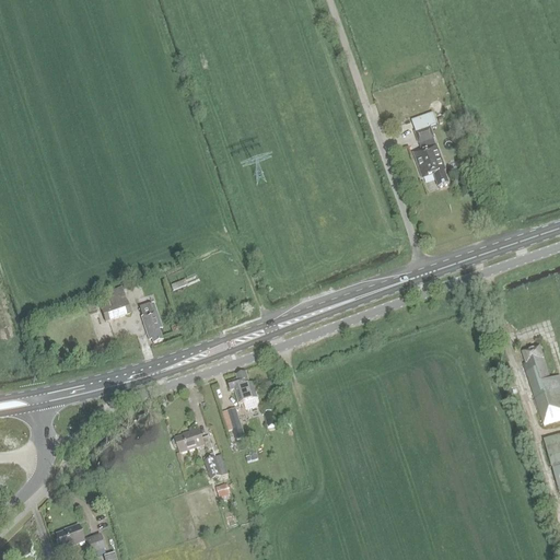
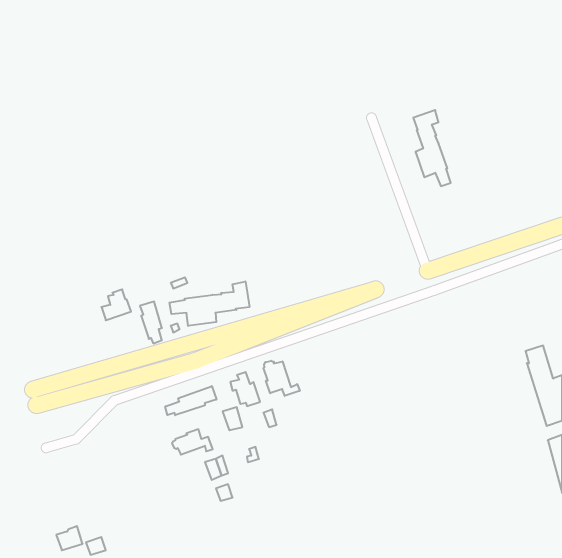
building: none -> [169,281,249,326]
building: none -> [264,361,300,396]
building: none -> [165,386,216,415]

